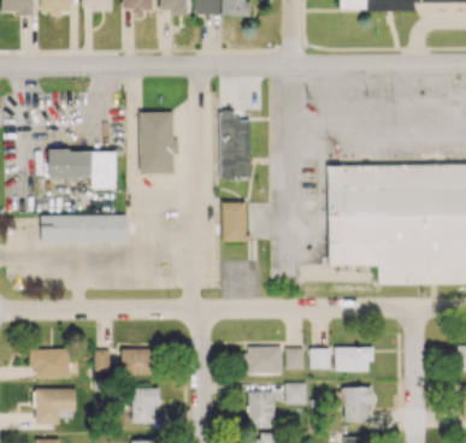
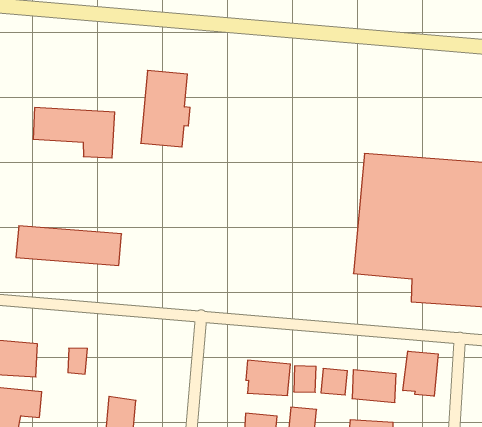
building: [220,111,250,178] -> none
building: [223,202,247,241] -> none
building: [41,214,128,242] -> [16,226,122,265]
building: none -> [403,351,438,396]
building: [122,349,153,374] -> none

